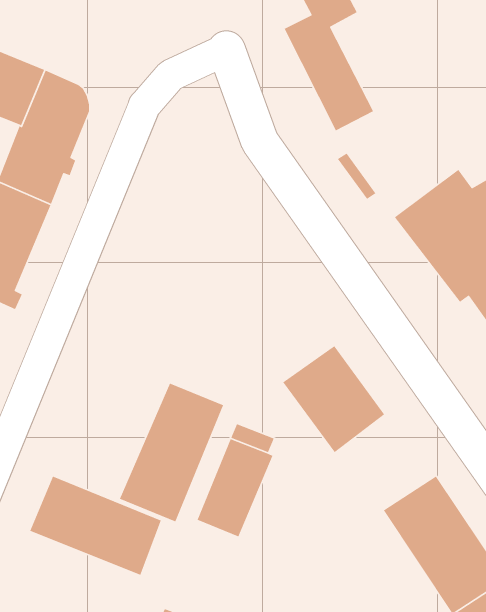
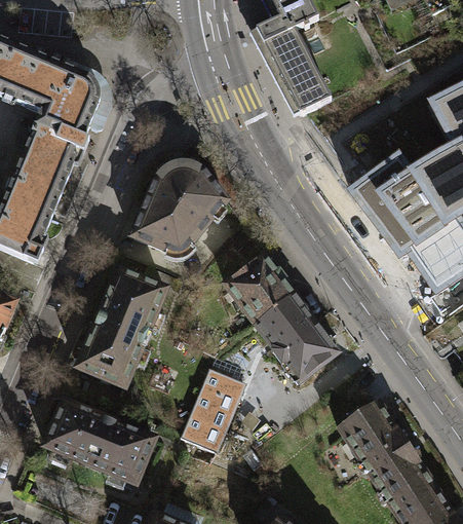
building: none -> [128,163,225,257]
building: none -> [225,250,299,324]
building: [119,382,224,523] -> [79,271,166,387]

